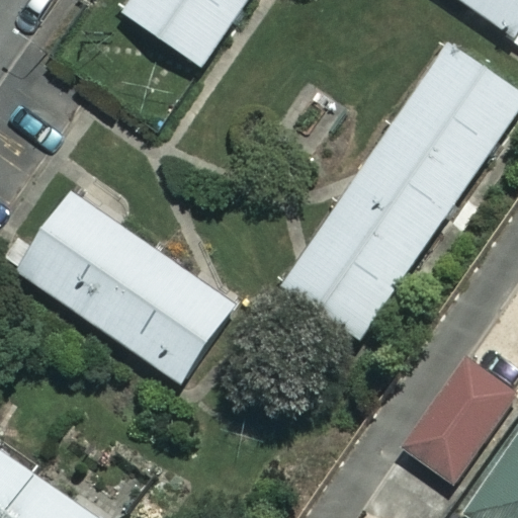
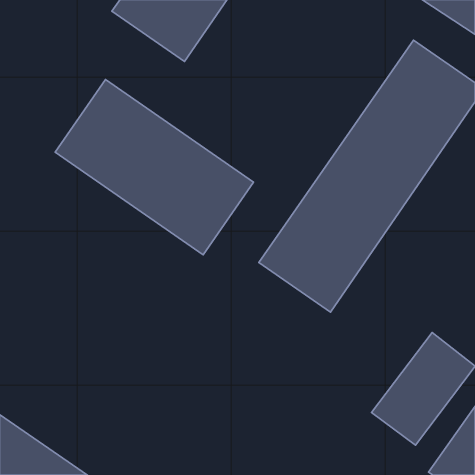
building: [16,191,232,381] -> [55,80,254,255]

